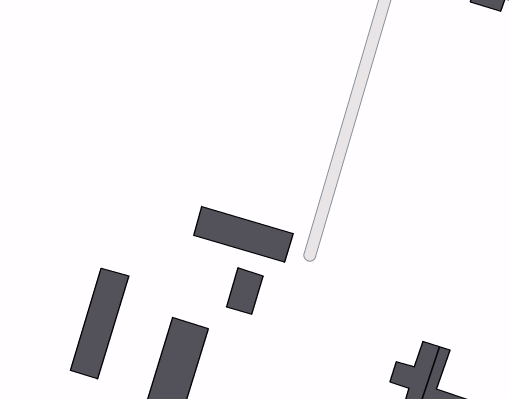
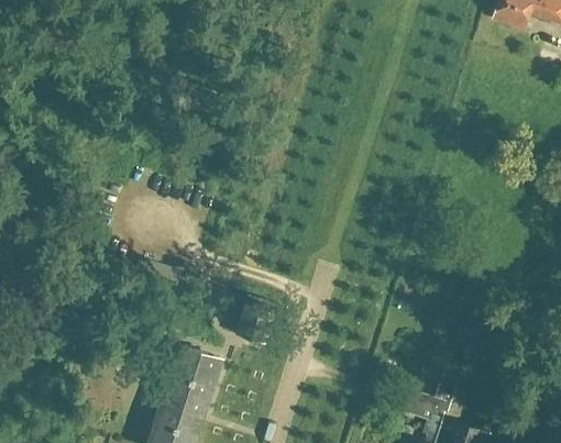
building: [194,206,293,262] -> none
building: [70,268,129,379] -> none

